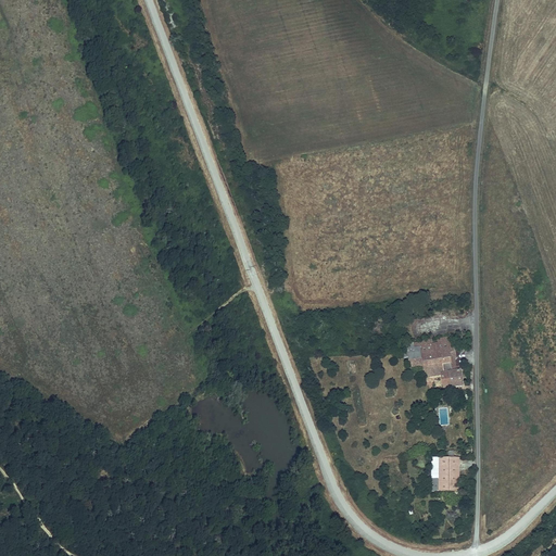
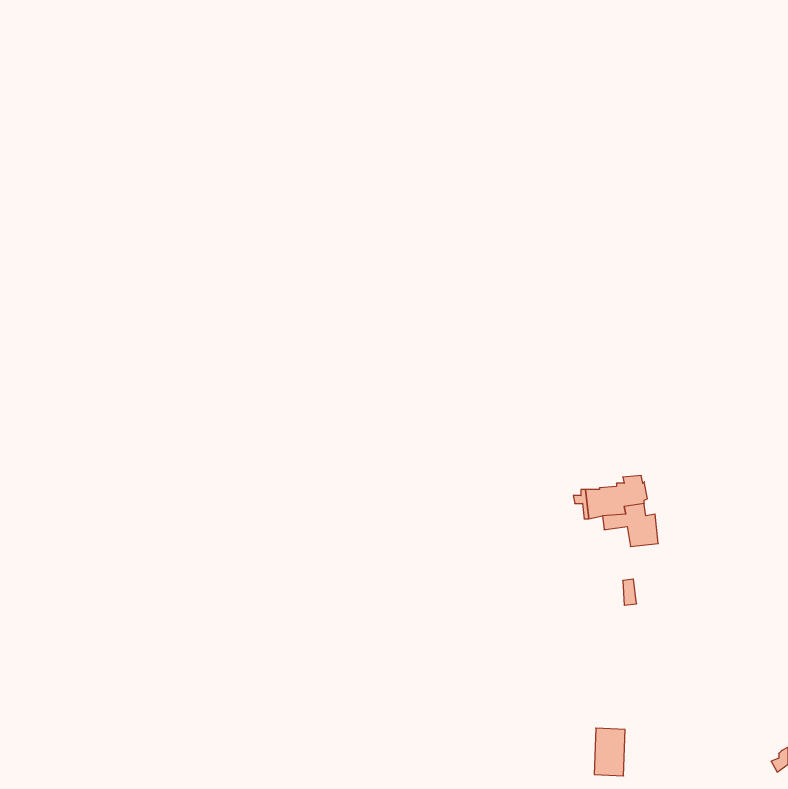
building: [434,456,456,490] -> [594,728,625,776]

